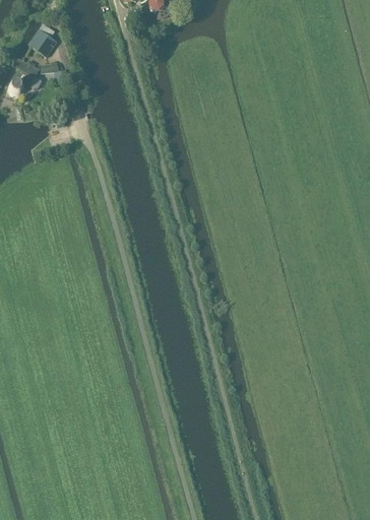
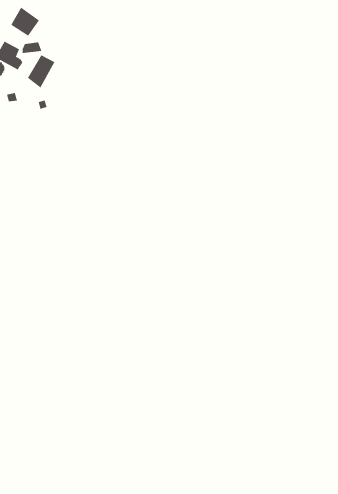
building: none -> [27,55,55,89]

